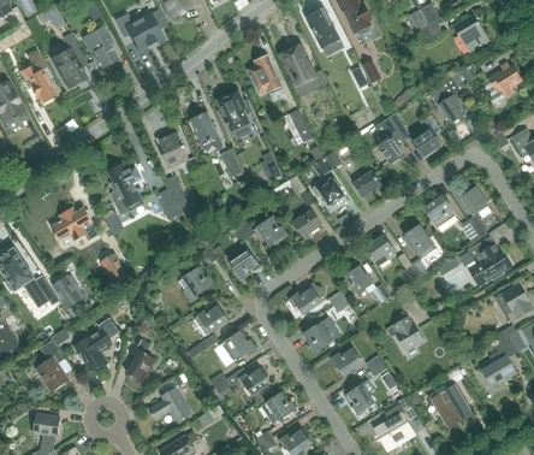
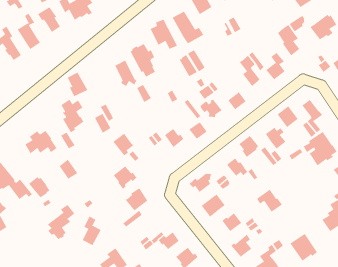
building: [160,132,190,169] -> [67,72,88,97]
building: [226,244,257,279] -> [113,133,134,157]
building: [221,331,255,361] -> none
building: [37,341,69,390] -> none

